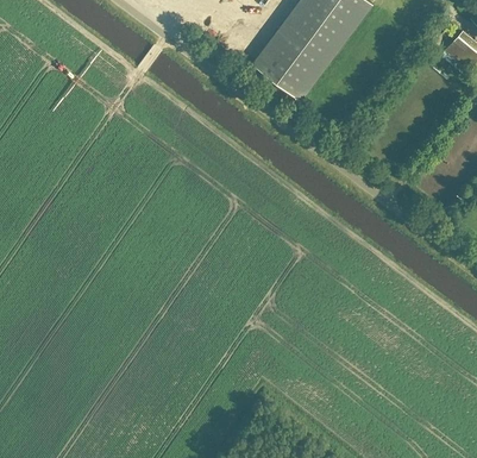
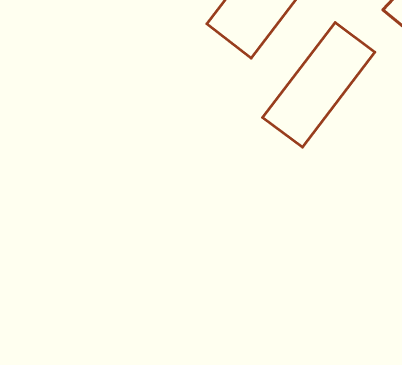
building: none -> [263,22,375,147]

